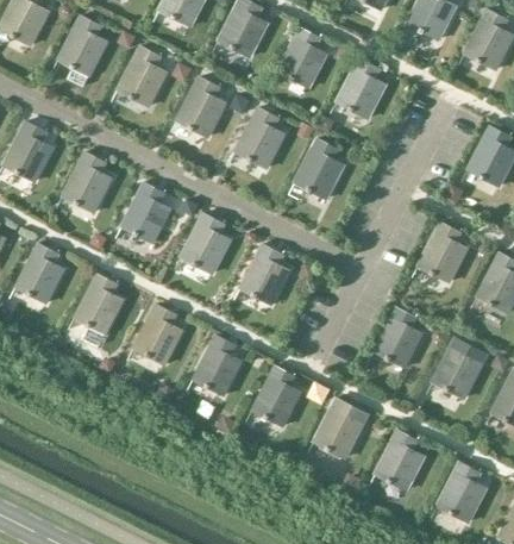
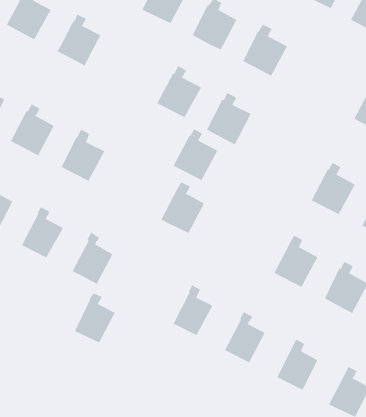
building: [176,76,227,137] -> none
building: [180,212,233,274] -> [173,128,218,181]
building: [194,334,243,394] -> [74,293,116,343]

